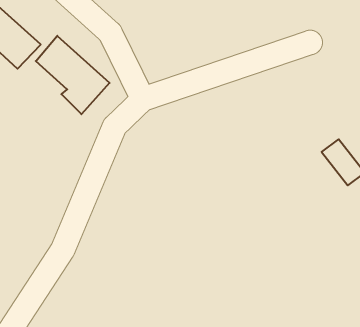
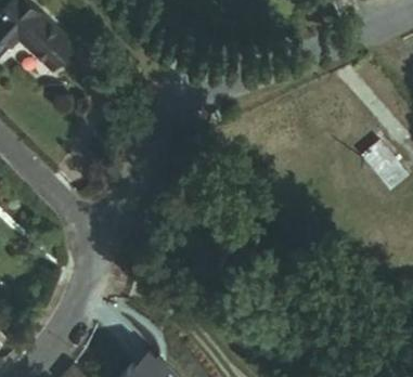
building: [36,36,110,114] -> none

